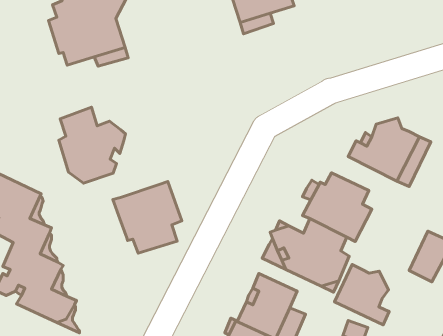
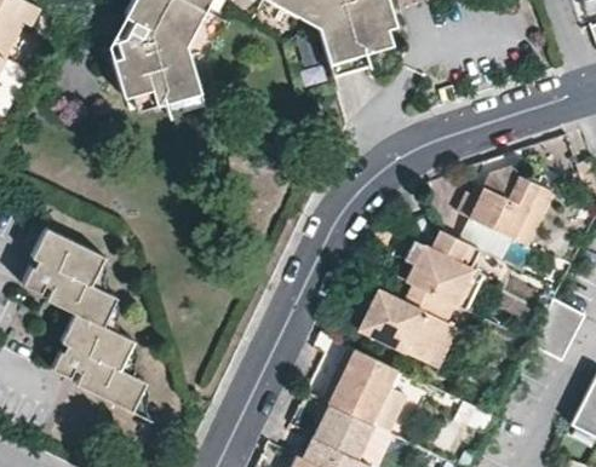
building: [59,107,125,183] -> none
building: [113,181,182,253] -> none
building: [334,265,389,325] -> none

